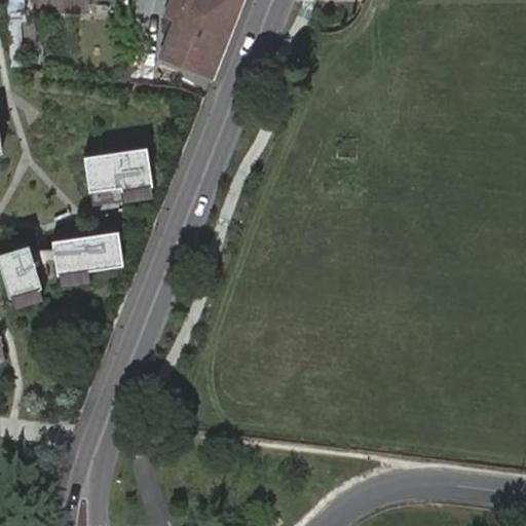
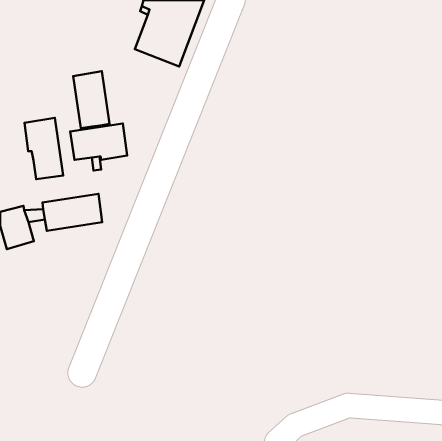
building: none -> [73,71,110,128]
building: none -> [24,118,63,179]

